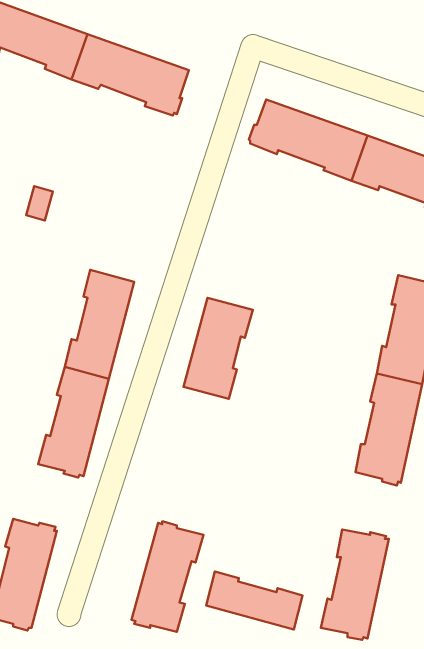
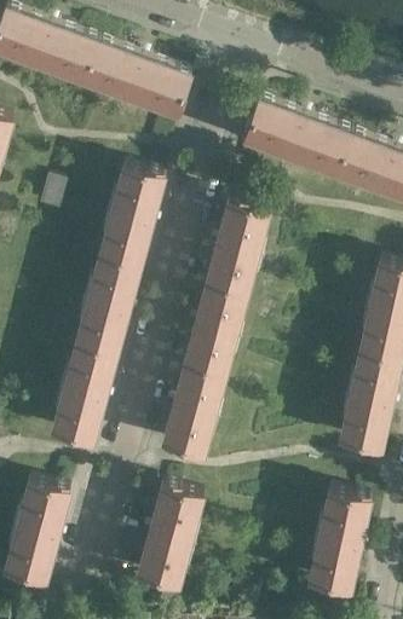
building: none -> [98,168,162,268]
building: none -> [205,199,267,294]
building: none -> [161,364,224,455]
building: [206,571,303,630] -> none

